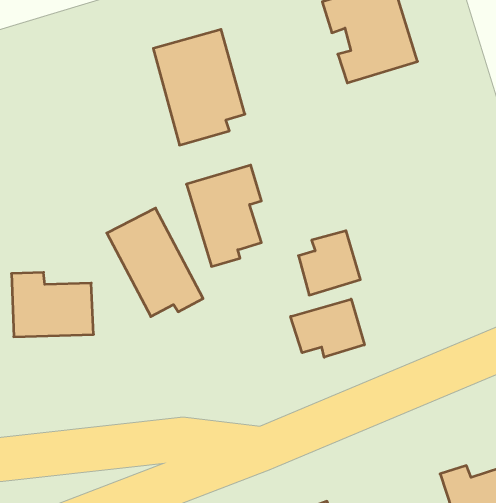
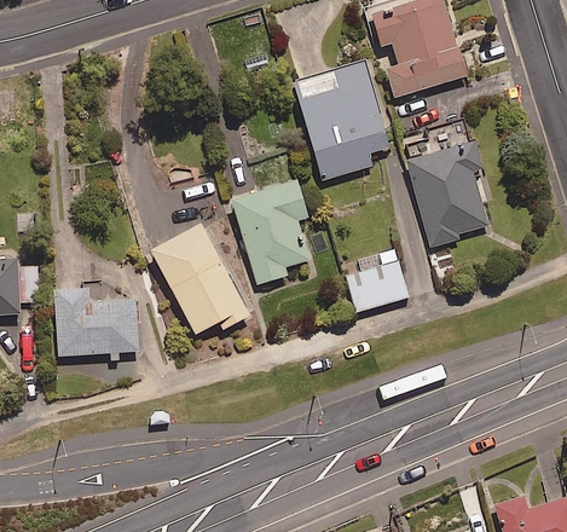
building: [153,29,245,145] -> [296,62,389,179]
building: none -> [407,144,487,247]
building: [291,299,364,357] -> none

